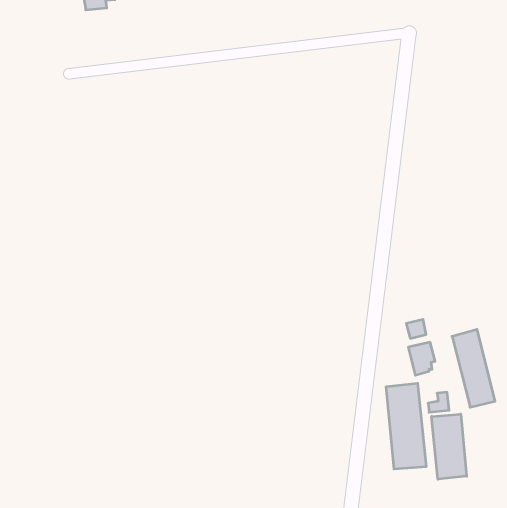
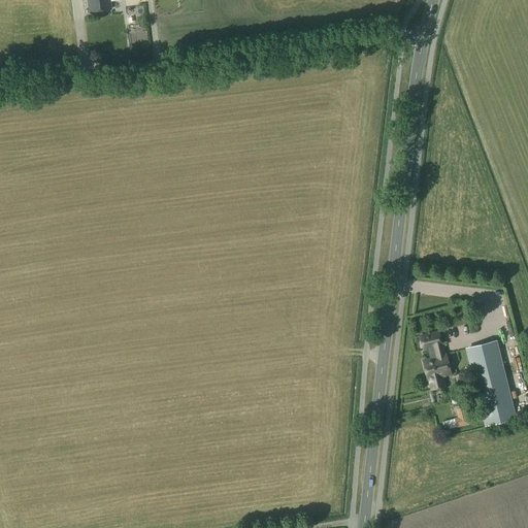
building: [386,383,426,469] -> none
building: [432,414,467,479] -> none

